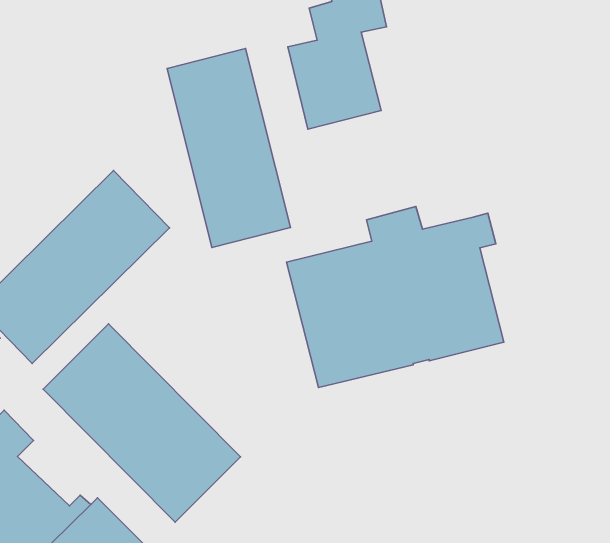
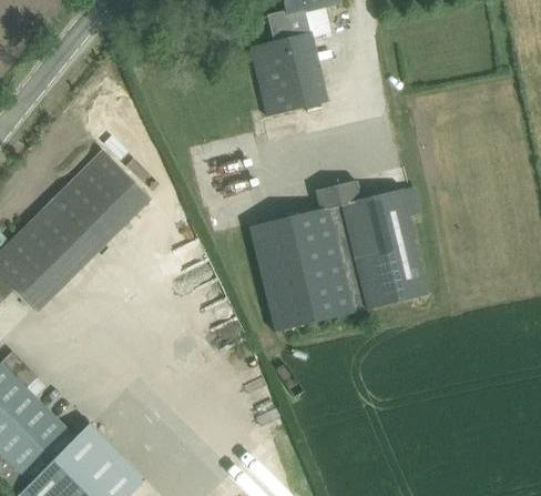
building: [167,48,290,248] -> none
building: [43,324,240,522] -> none

